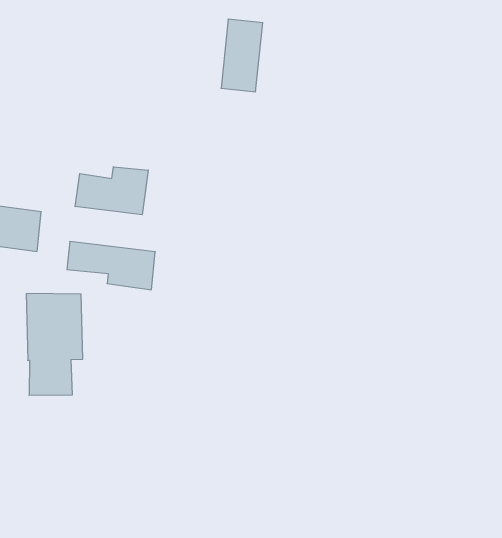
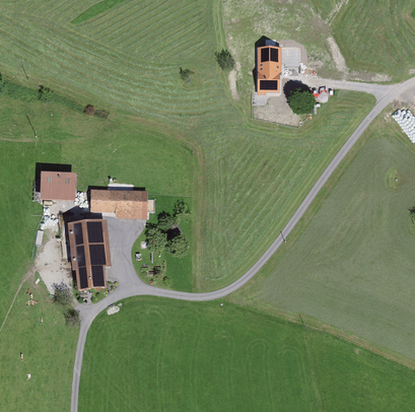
building: [221,19,263,92] -> [256,48,277,90]
building: [75,167,148,215] -> none

